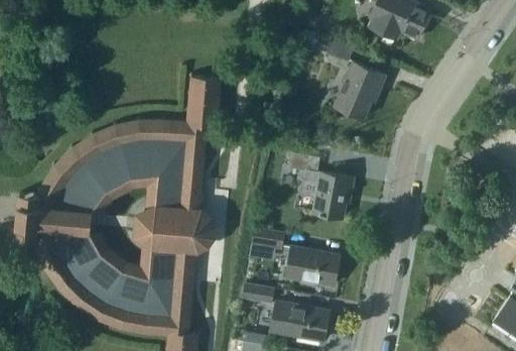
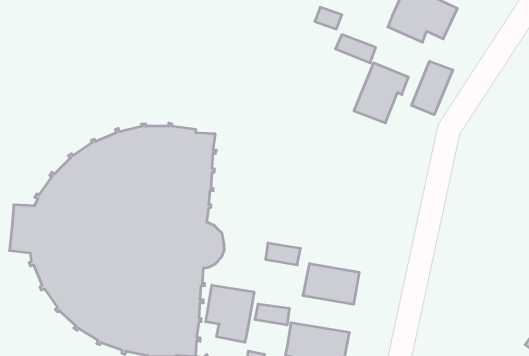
building: none -> [412,61,453,115]
building: [185,73,223,131] -> none
building: [288,153,353,217] -> none
building: none -> [206,285,254,342]

